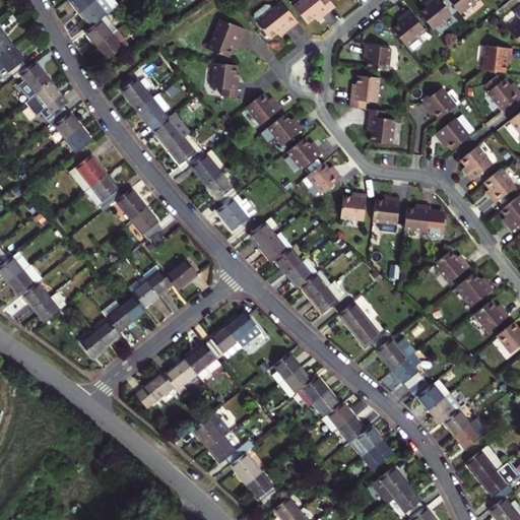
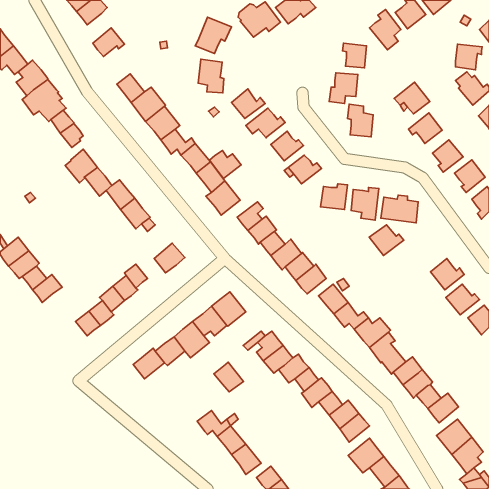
building: [86,14,119,46] -> none
building: none -> [209,151,241,179]
building: [433,252,469,284] -> [369,225,404,255]
building: [141,264,171,296] -> none
building: [193,415,224,447] -> [214,362,244,392]

